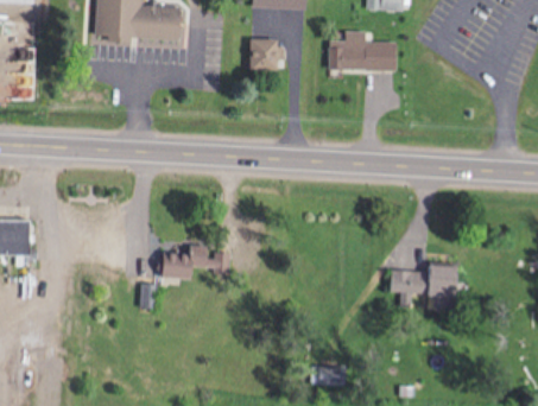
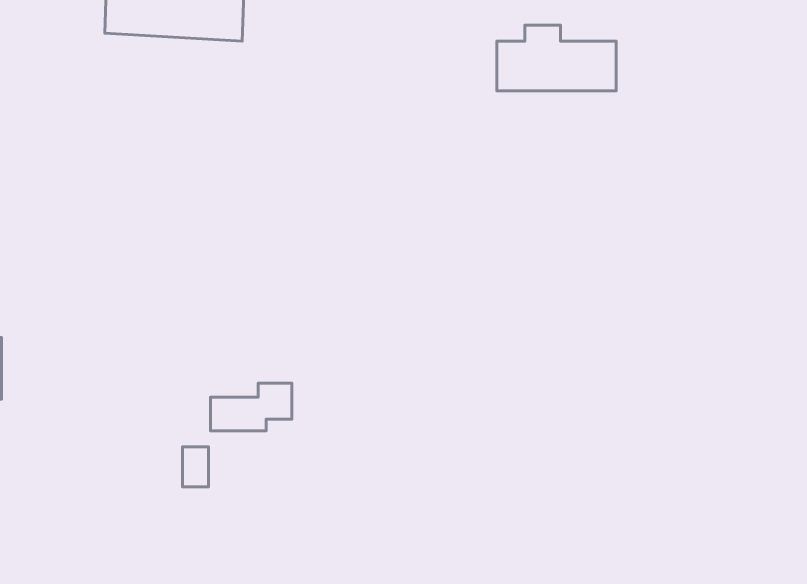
building: [247,38,279,68] -> none
building: [387,262,455,297] -> none

